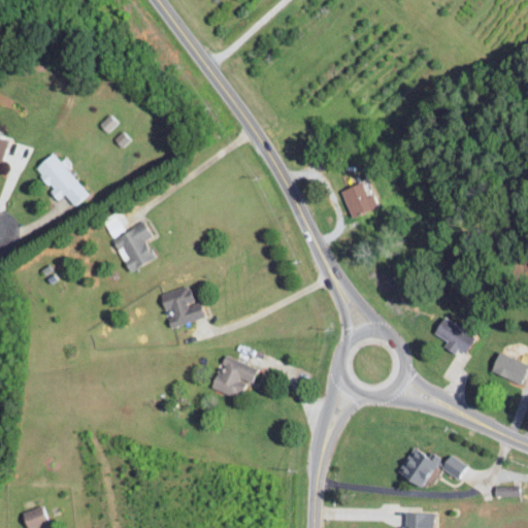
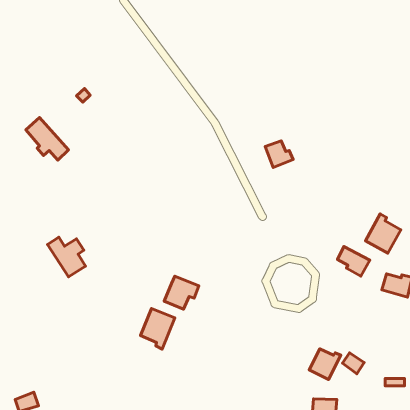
building: [105,220,154,270] -> [48,237,85,277]
building: none -> [365,214,401,253]
building: [160,286,204,328] -> none
building: none -> [141,308,175,349]

